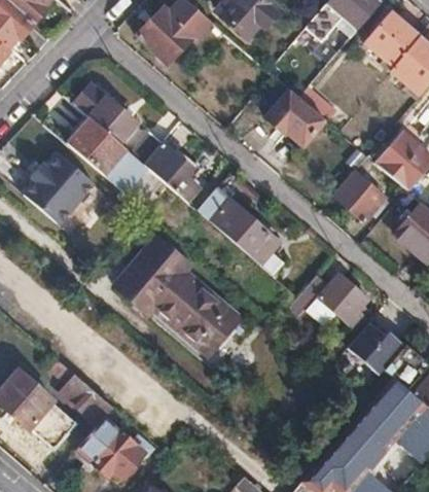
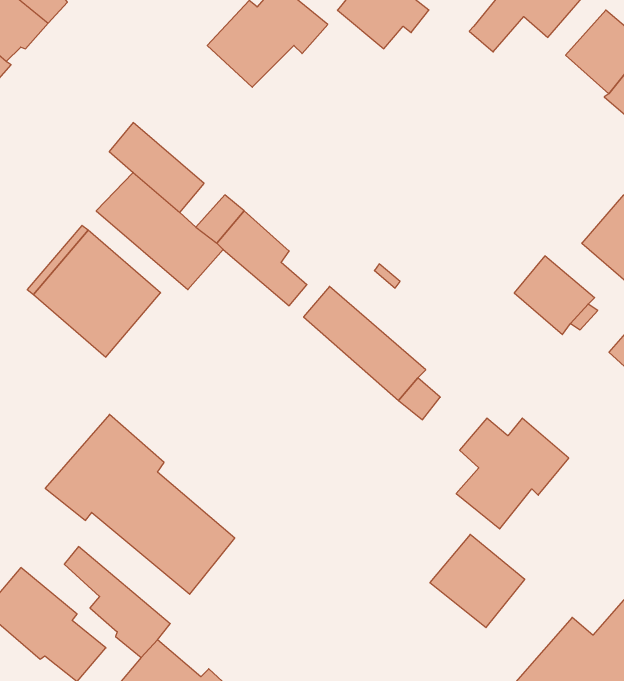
building: [265,87,324,143] -> none
building: [115,237,237,352] -> [45,414,235,594]
building: [338,308,399,367] -> [430,534,525,628]

